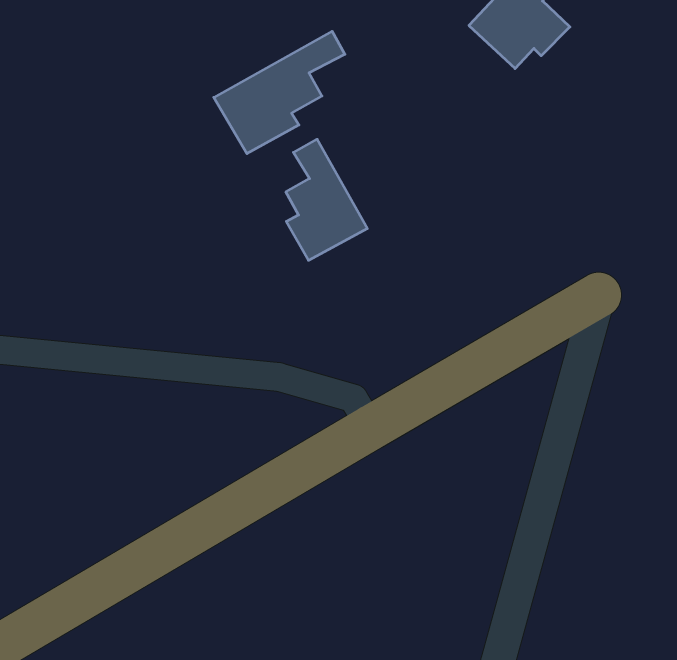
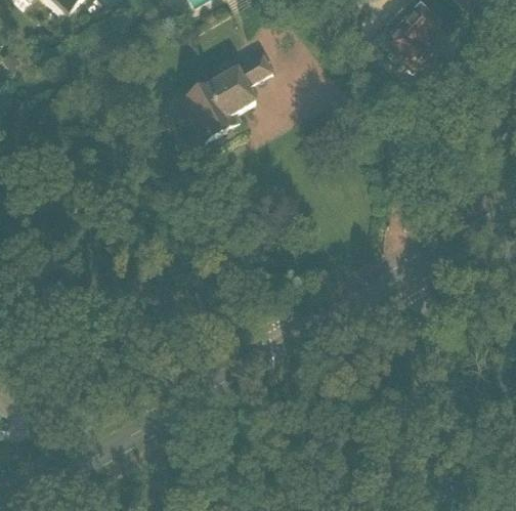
building: [286,139,367,260] -> none

